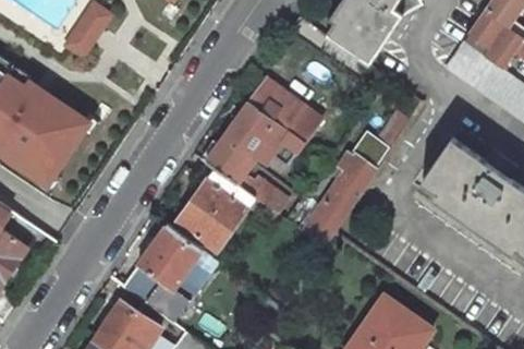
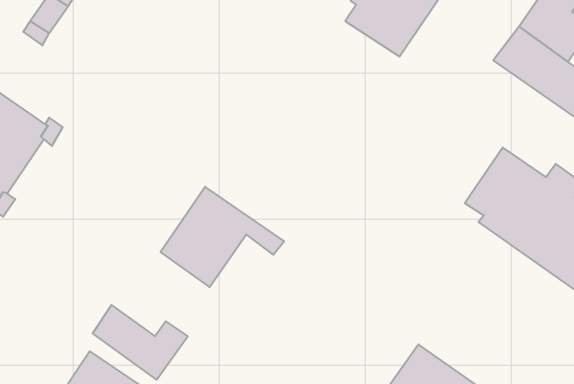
building: [202,77,322,212] -> none
building: [298,124,400,244] -> none
building: [138,224,202,288] -> none

